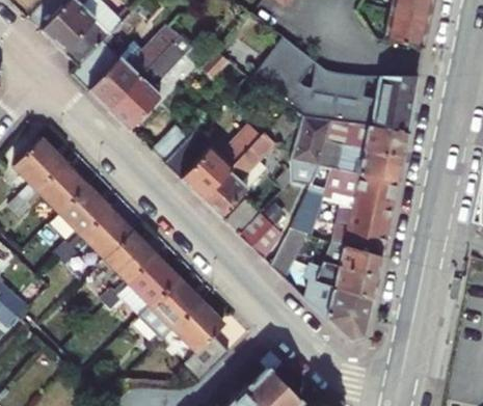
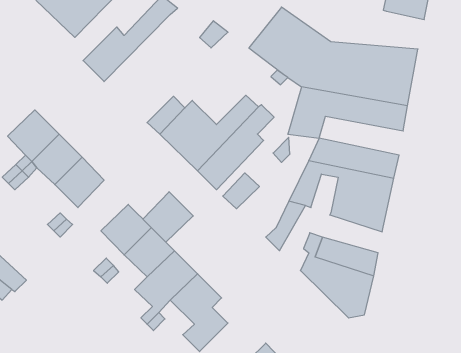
building: [108,43,185,129] -> none
building: [321,143,404,182] -> none
building: [82,207,132,256] -> [143,192,193,242]
building: [239,213,283,259] -> none
building: [324,241,383,278] -> none

